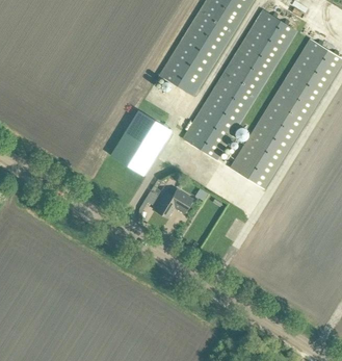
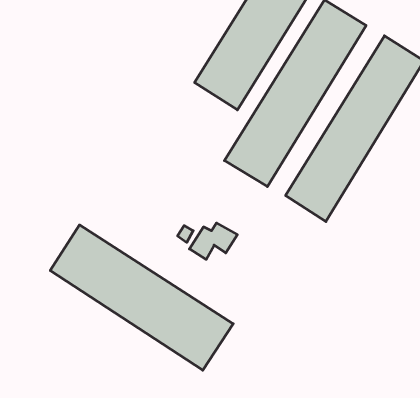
building: [110,109,170,174] -> none
building: none -> [50,225,233,370]

